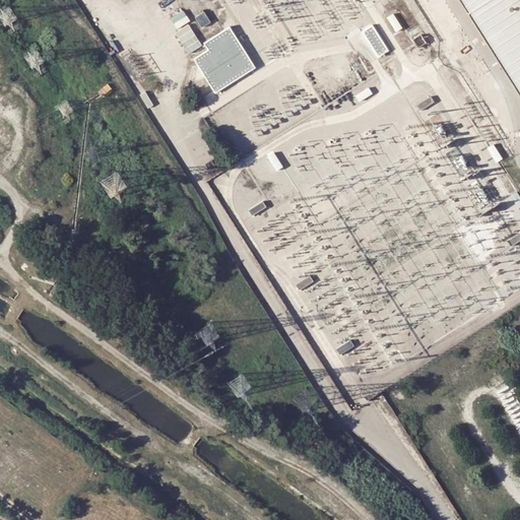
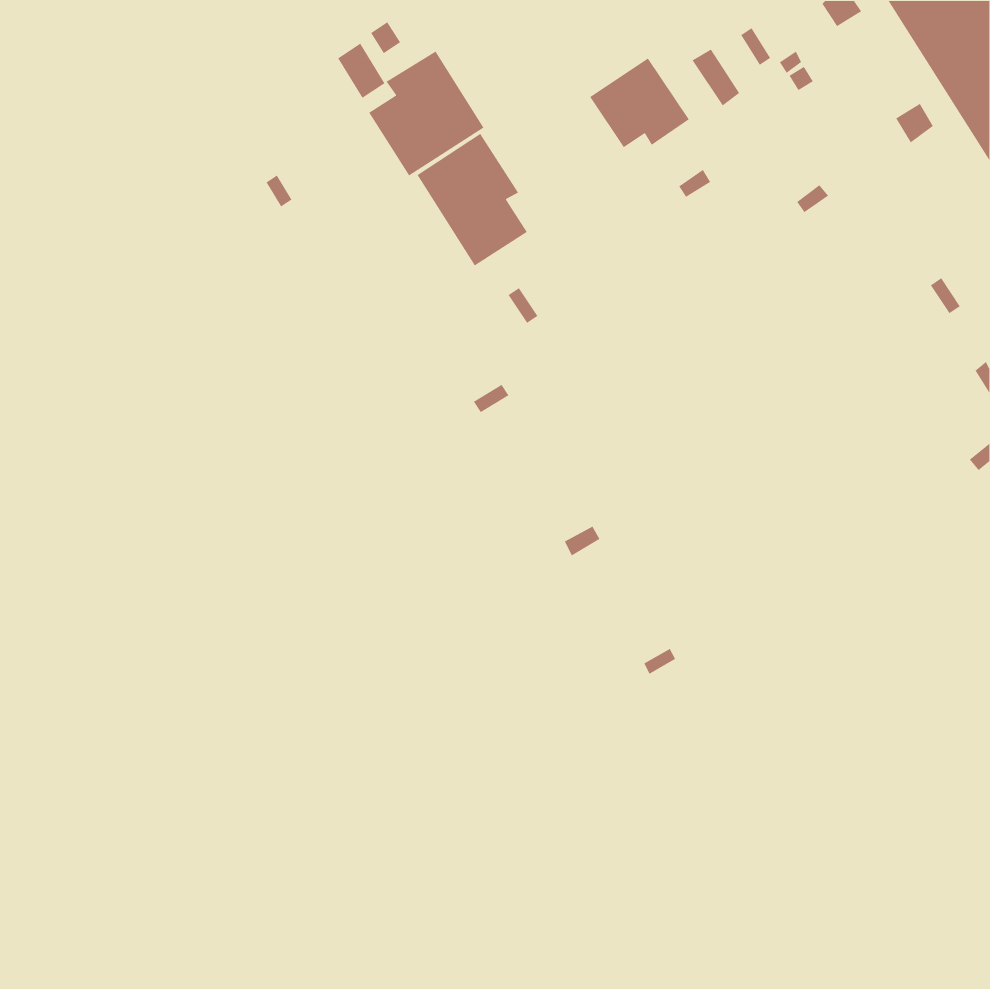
building: none -> [589,58,690,148]
building: none -> [416,133,528,266]

